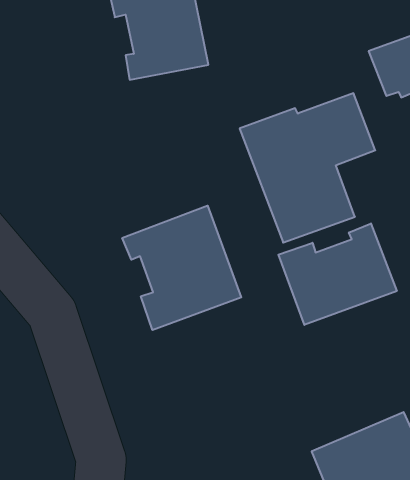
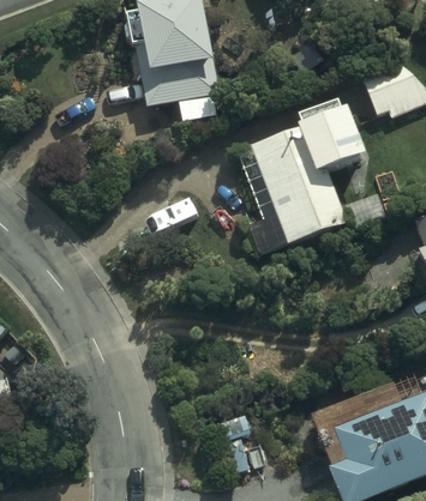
building: [122,206,241,330] -> none
building: [278,223,397,325] -> none

